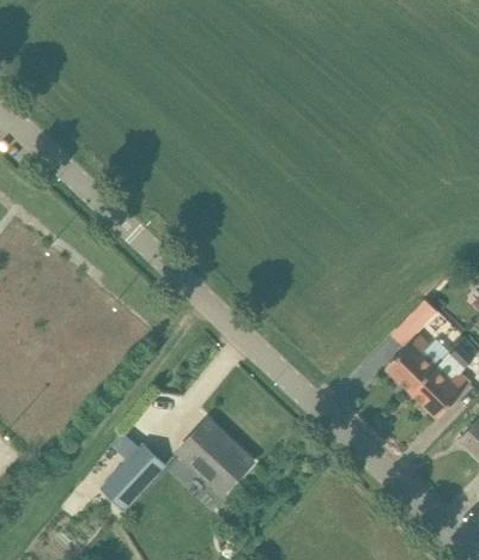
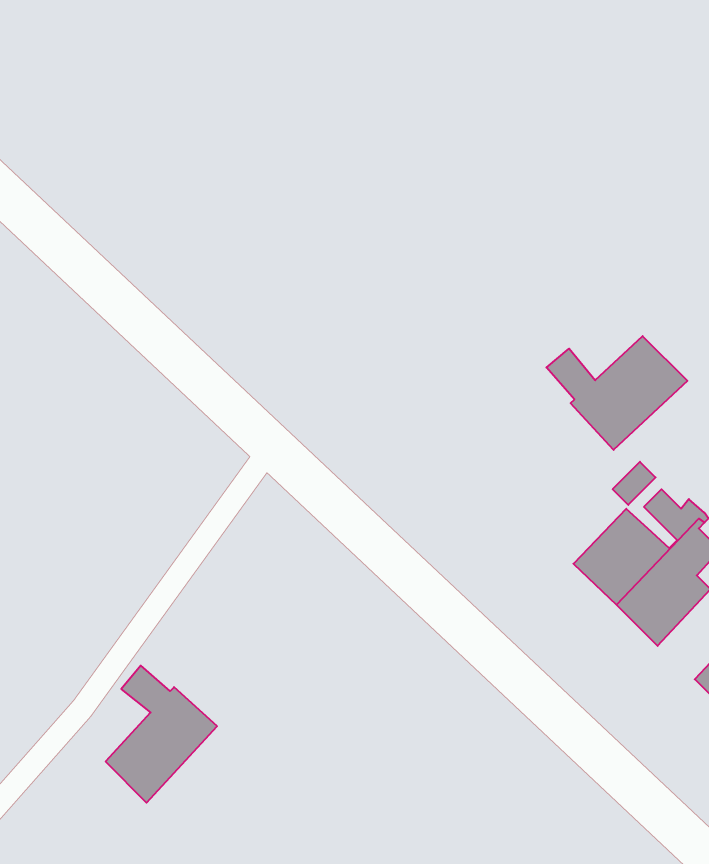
building: none -> [546,336,687,450]
building: [178,420,251,493] -> none

